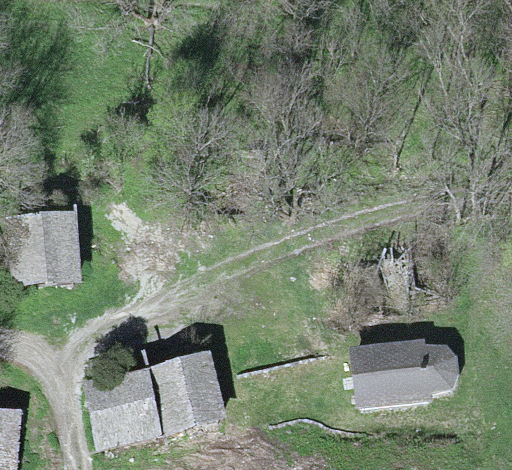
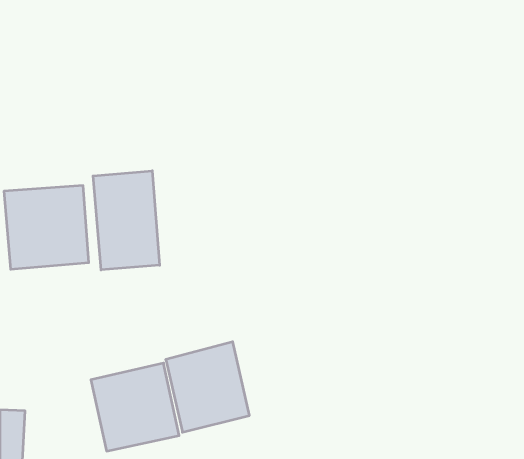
building: none -> [93,171,160,270]
building: [348,337,459,409] -> none

